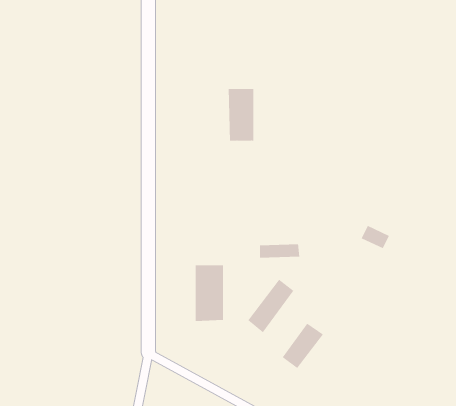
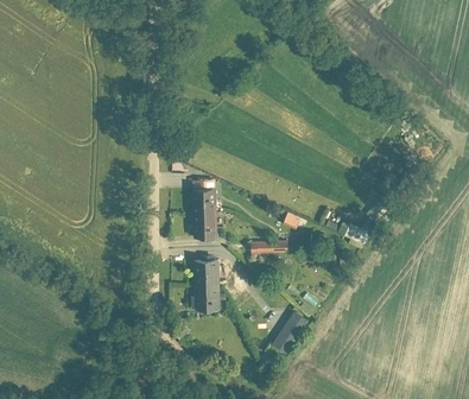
building: [228,88,254,141] -> [192,189,216,236]
building: [247,279,294,333] -> none

